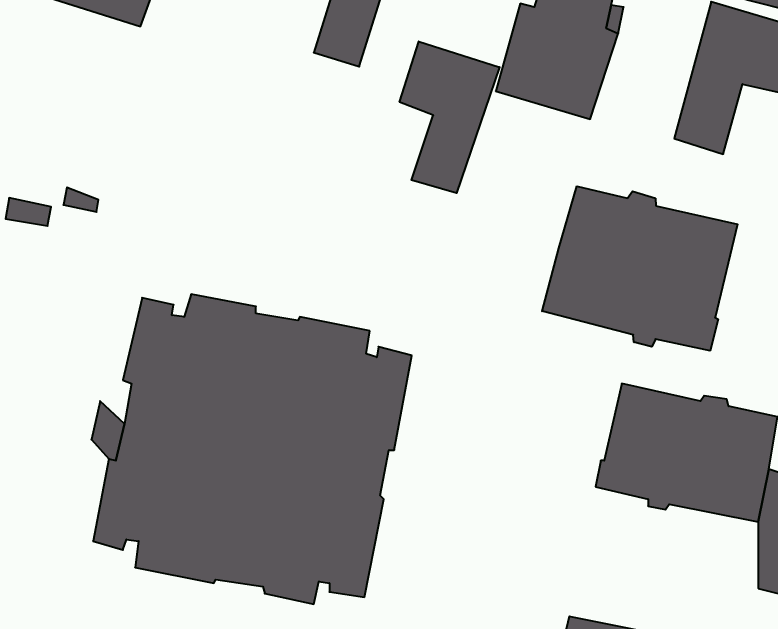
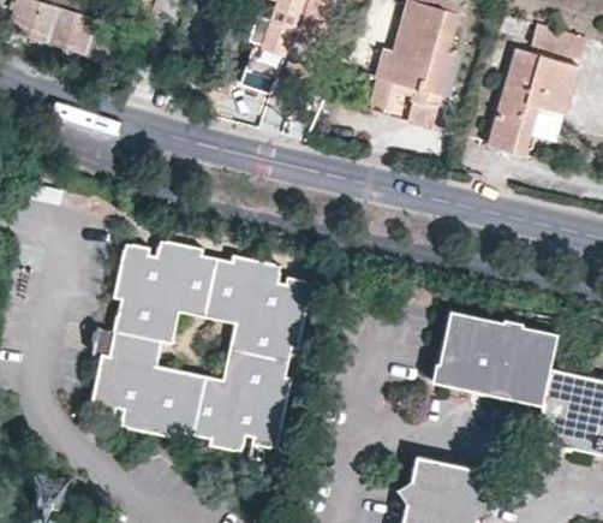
building: [400,41,500,193] -> none
building: [542,186,738,351] -> none

